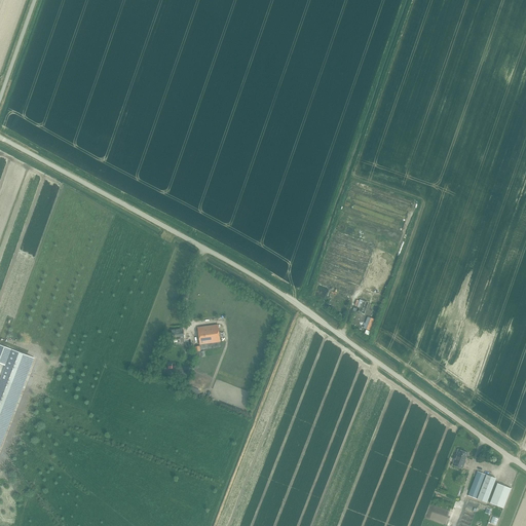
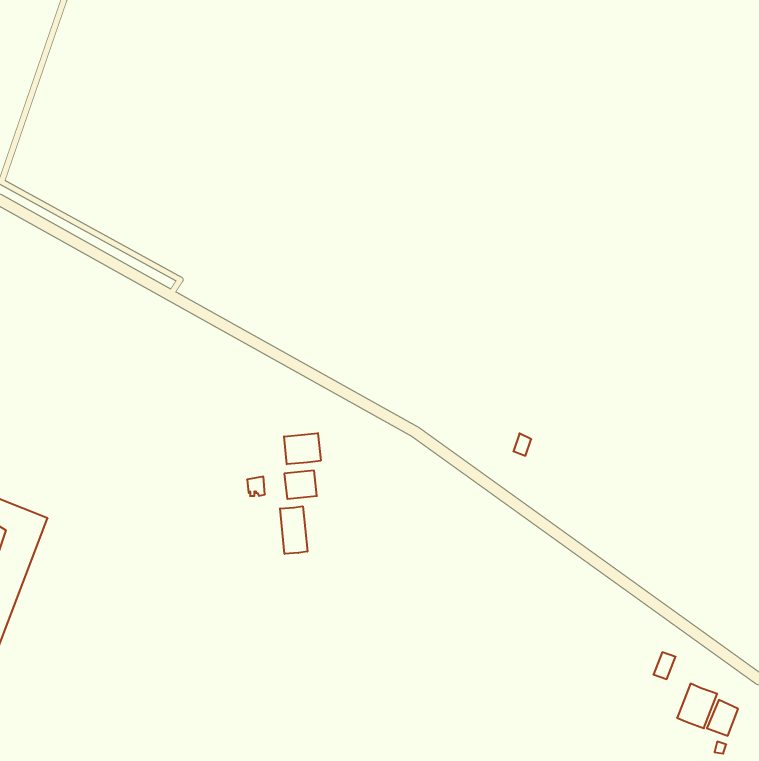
building: none -> [284,433,321,464]
building: none -> [280,506,307,554]

